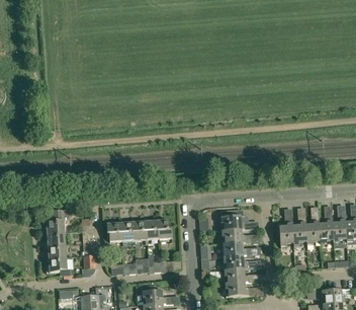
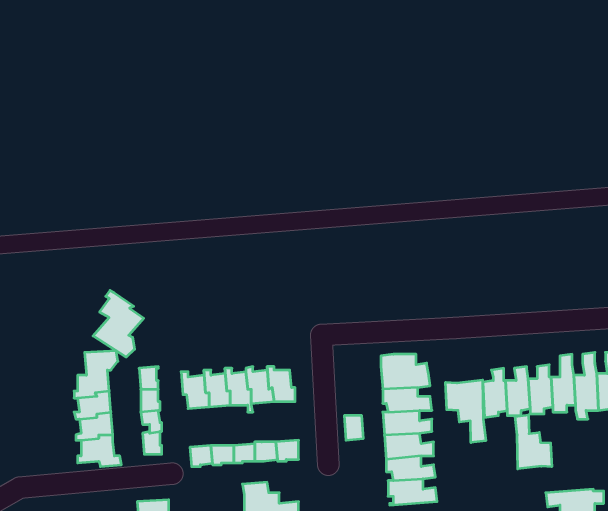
building: none -> [93,290,144,357]
building: none -> [446,380,486,443]
building: none -> [515,415,552,469]

